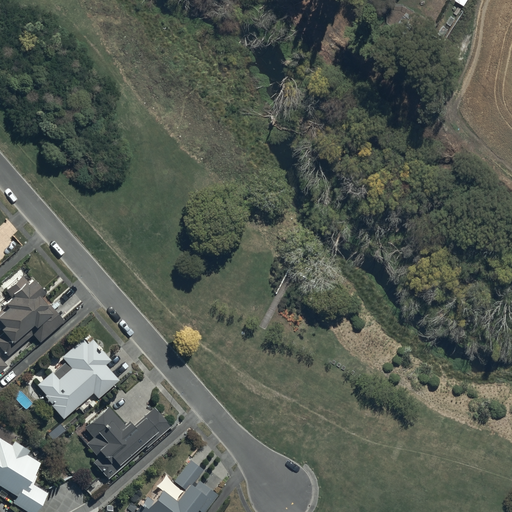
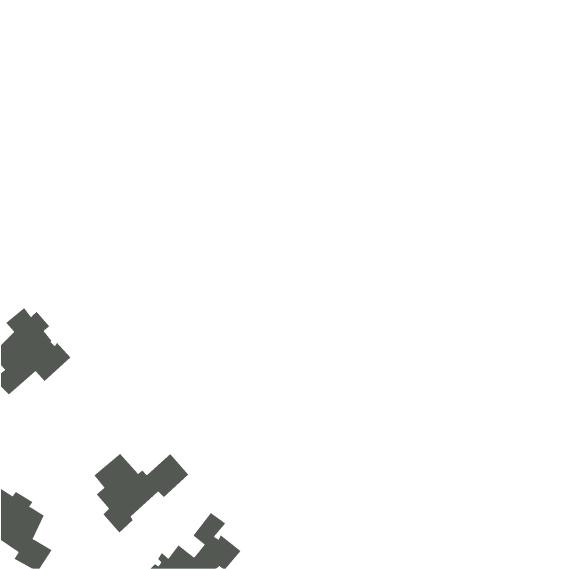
building: [37,339,119,419] -> none

